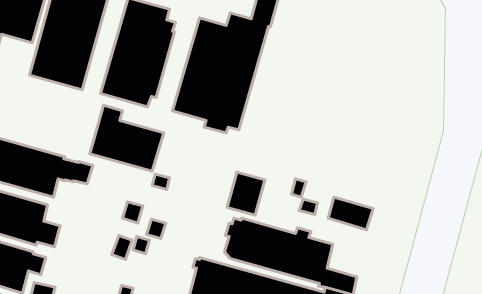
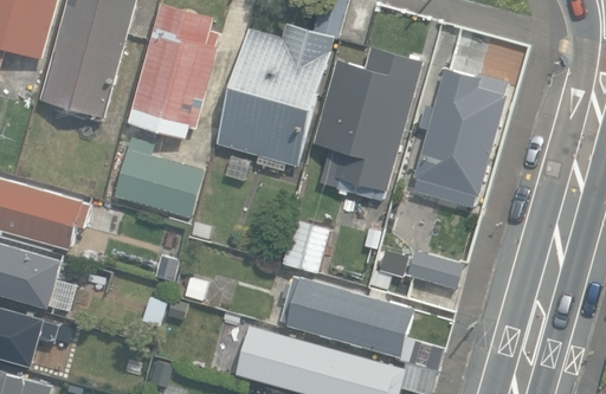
building: none -> [311,46,421,201]
building: none -> [411,67,507,207]

